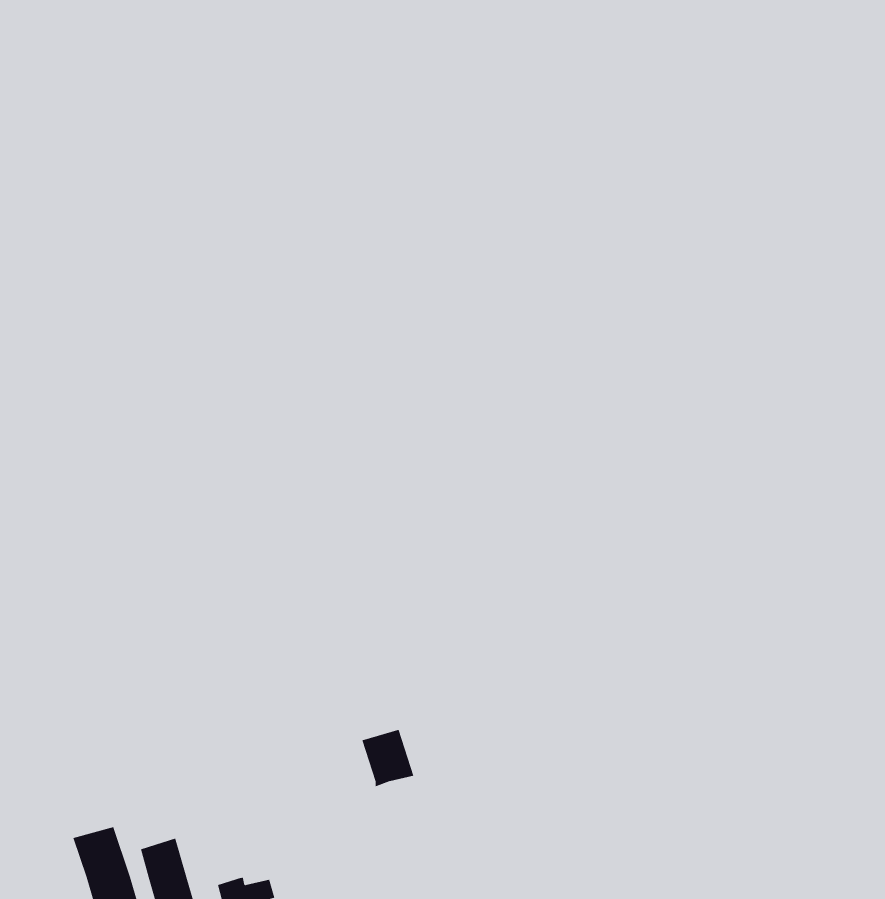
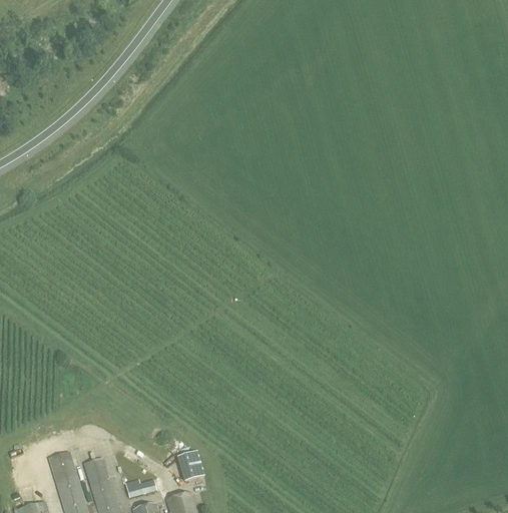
building: [362,729,414,787] -> [176,451,204,482]

